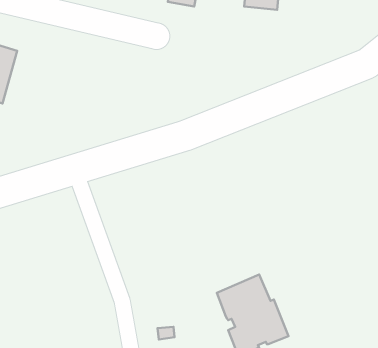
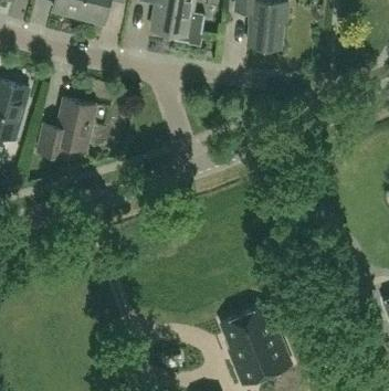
building: none -> [38,98,96,158]

